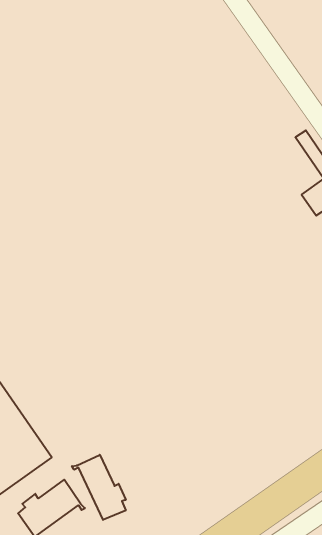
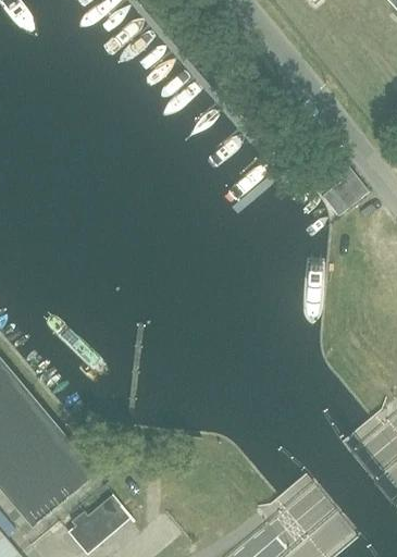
building: [72,455,126,520] -> none

